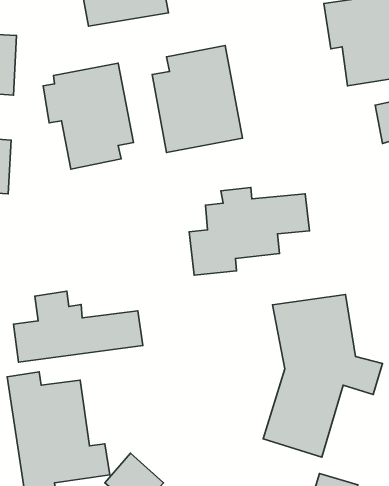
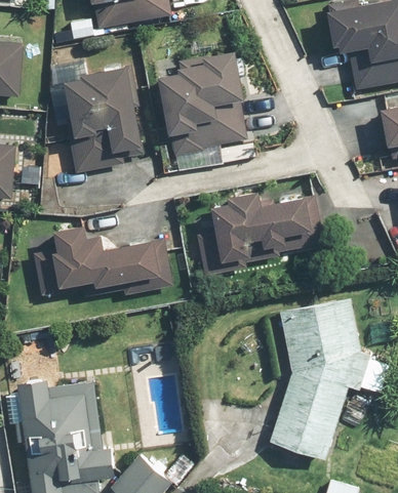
building: [13,291,143,362] -> [31,222,160,293]

